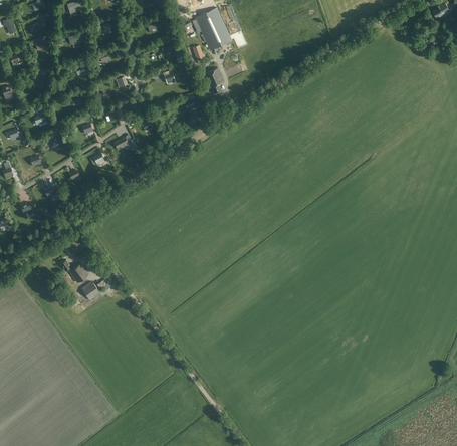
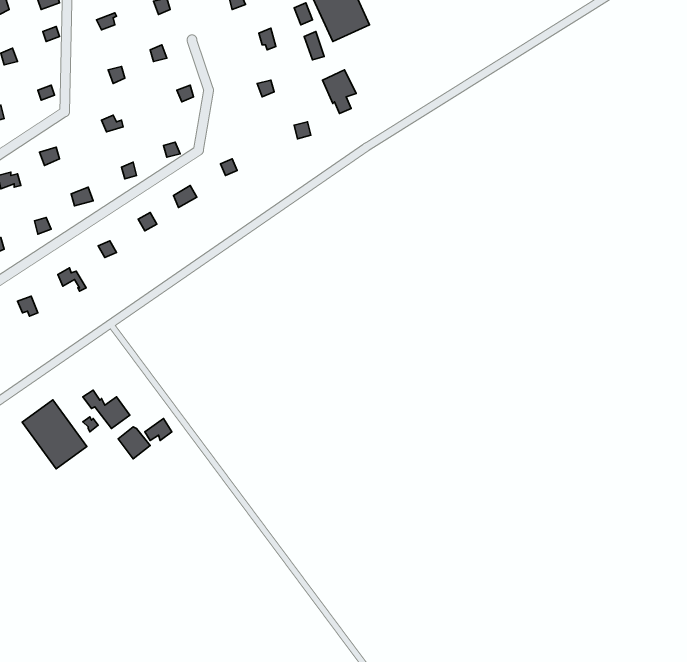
building: none -> [22,400,87,469]

